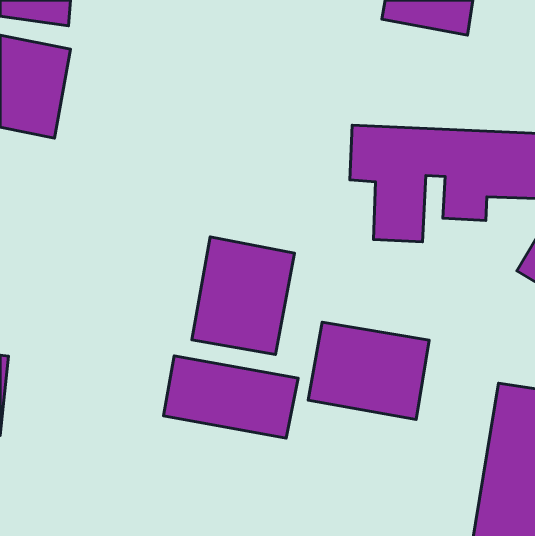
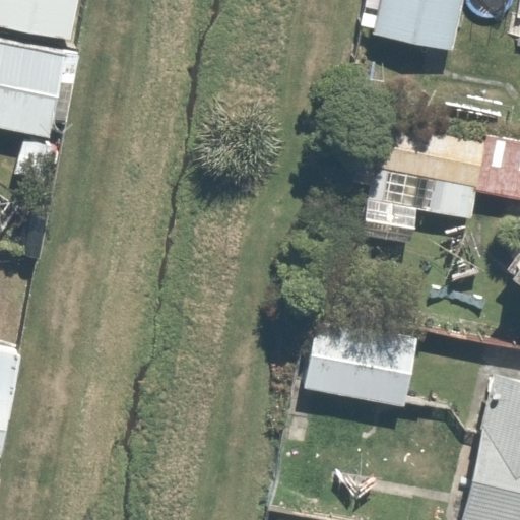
building: [192,237,295,355] -> none
building: [163,356,298,438] -> none

